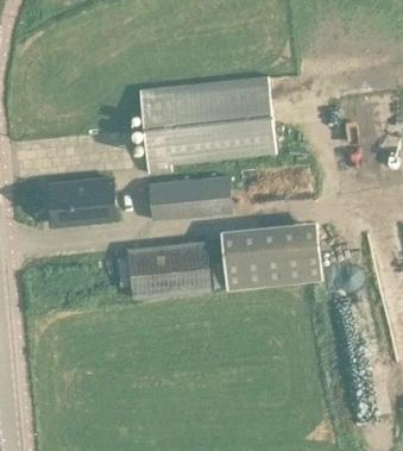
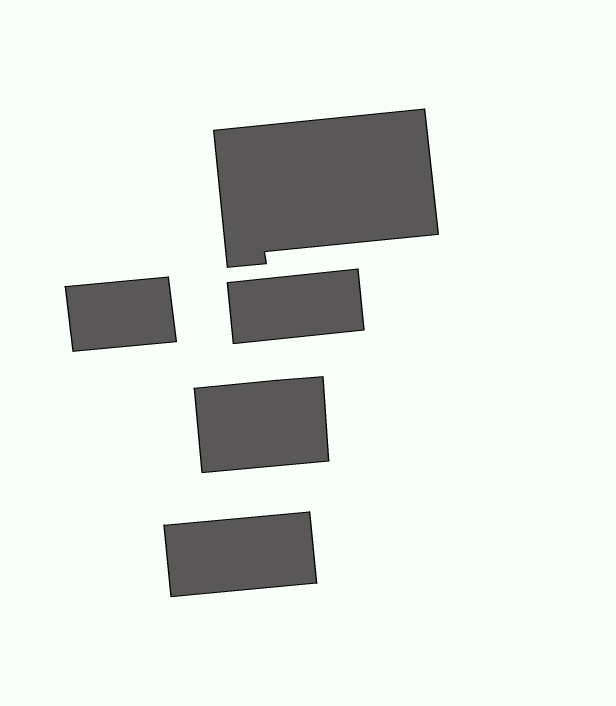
building: [221,230,322,288] -> none
building: none -> [164,512,317,597]

